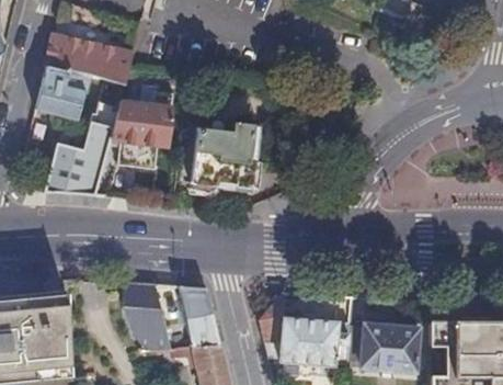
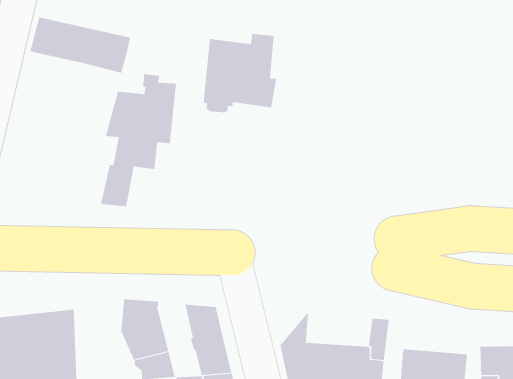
building: [35,68,90,121] -> none
building: [43,98,119,197] -> none
building: [190,124,253,192] -> [203,33,277,113]

